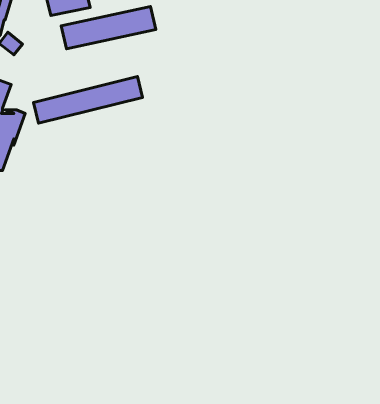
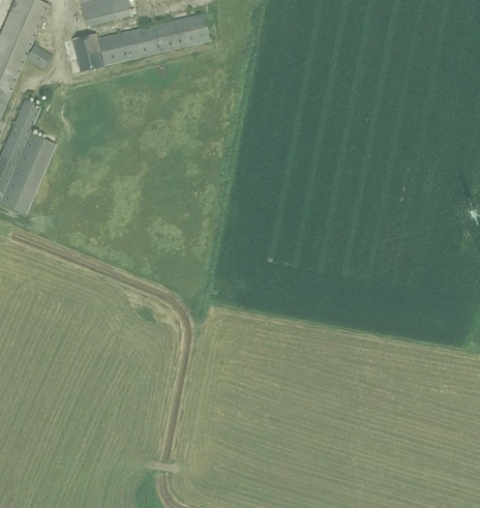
building: none -> [70,35,101,73]
building: [34,77,142,123] -> none

